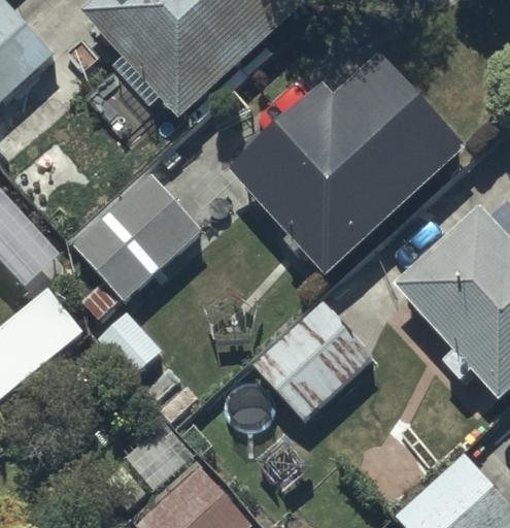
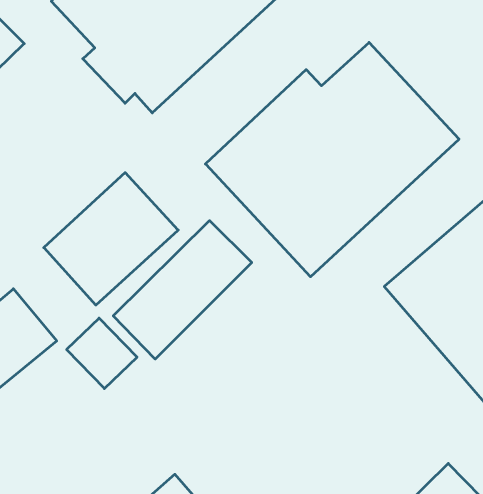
building: none -> [113,221,252,359]
building: [250,299,373,421] -> none

